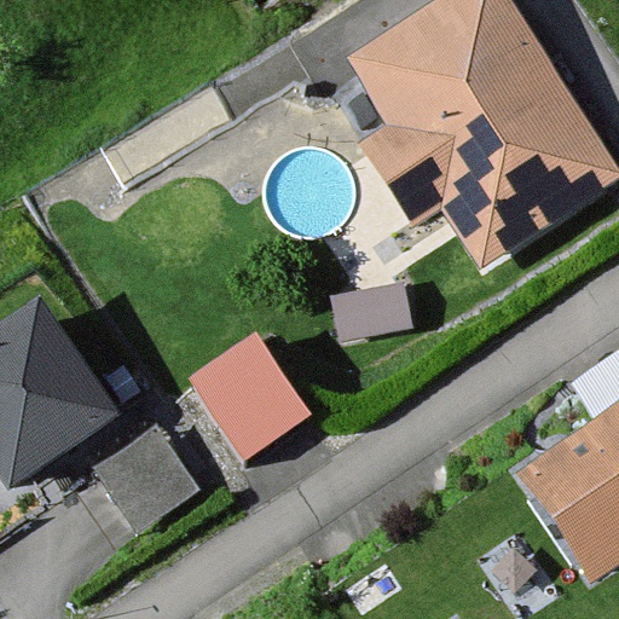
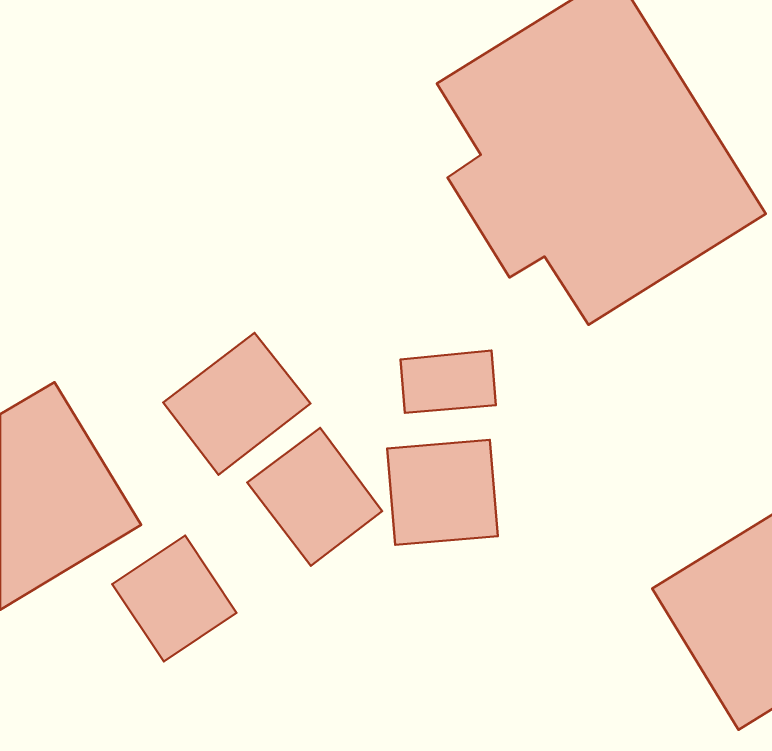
building: none -> [163,333,311,475]
building: none -> [387,440,498,545]

